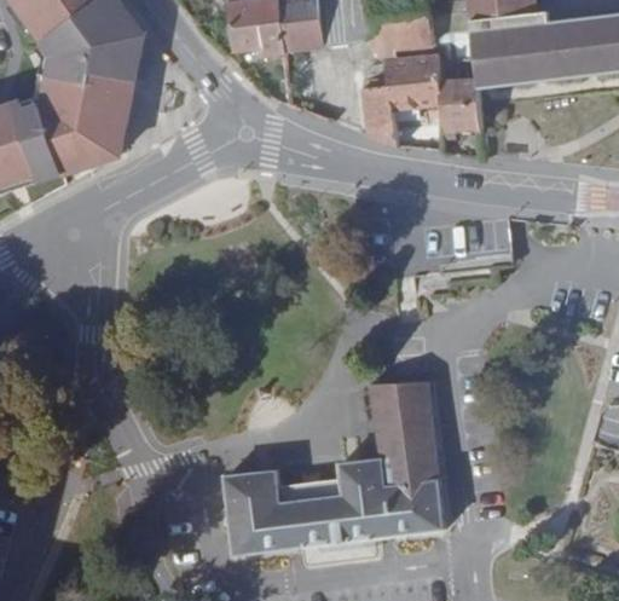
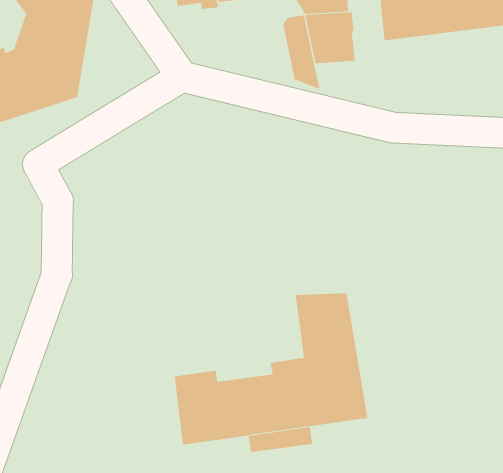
building: [436,74,478,133] -> none

